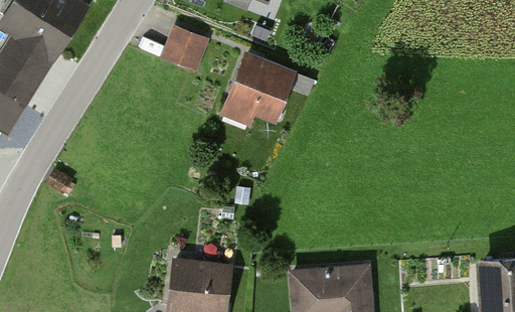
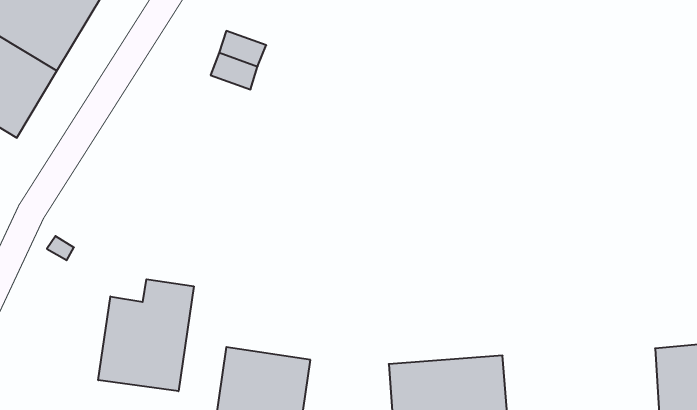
building: [228,61,292,121] -> none
building: none -> [98,279,194,391]

